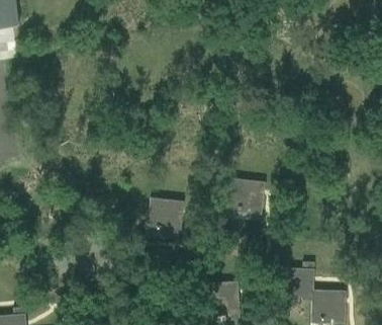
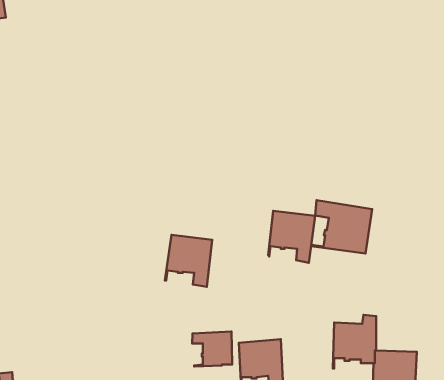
building: none -> [311,200,372,254]
building: none -> [192,332,232,367]

